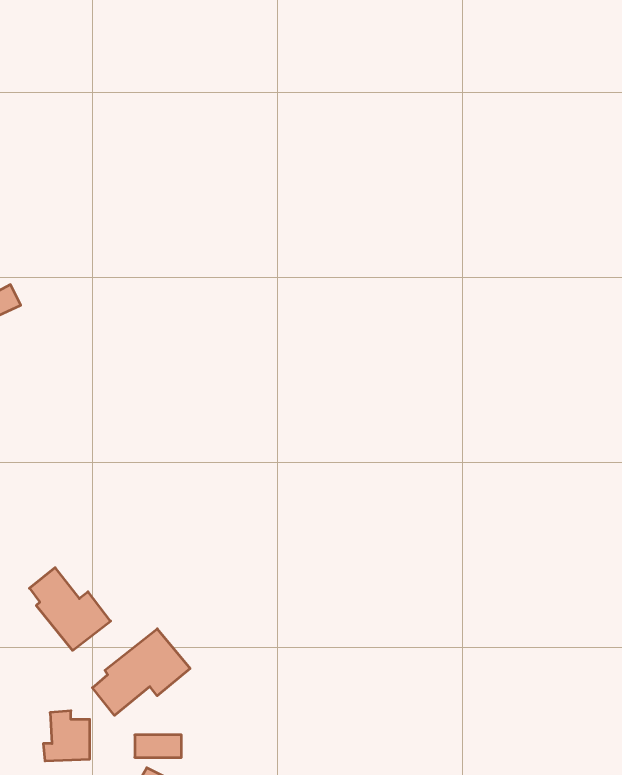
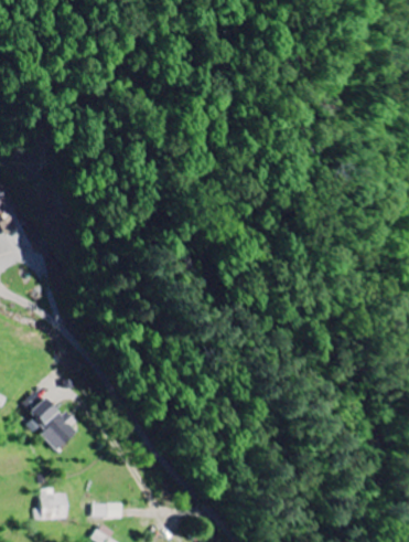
building: [92,629,190,715] -> none

